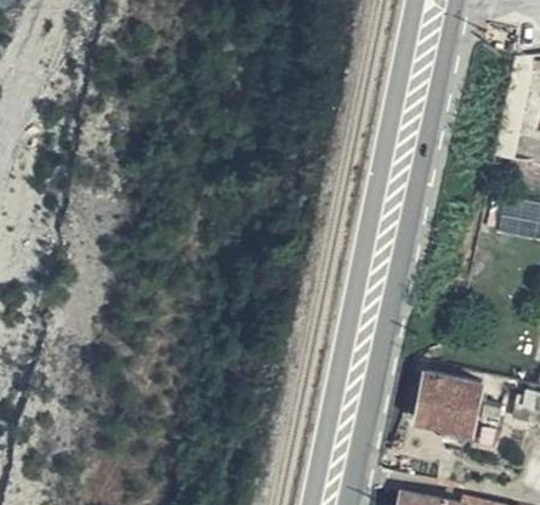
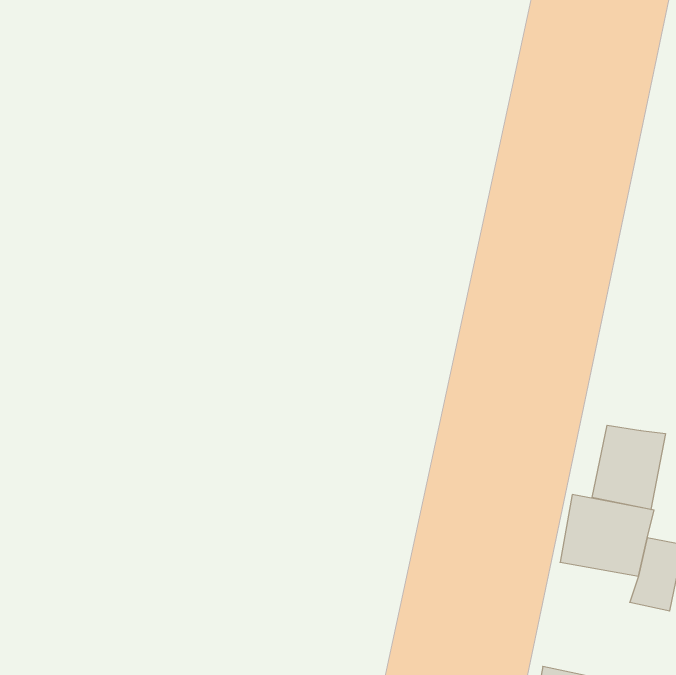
building: none -> [592,425,665,510]

